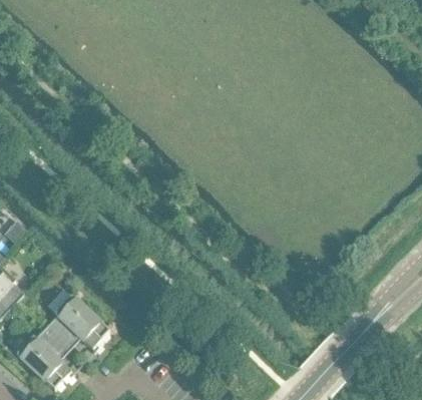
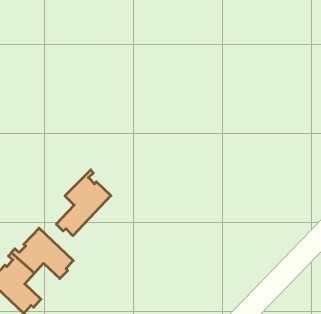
building: none -> [56,170,111,236]

